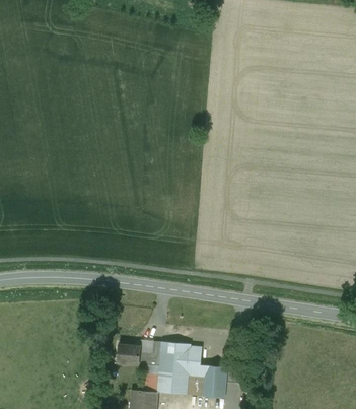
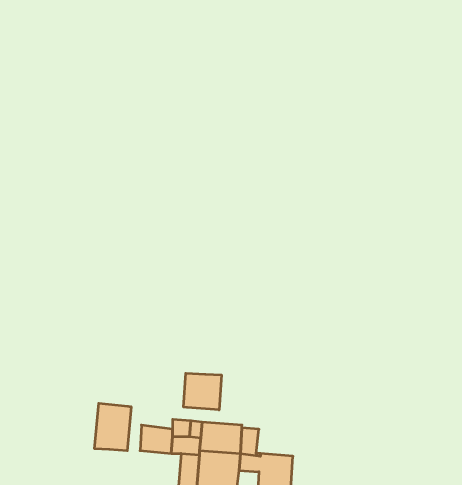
building: none -> [184,373,221,410]
building: none -> [95,403,131,451]

